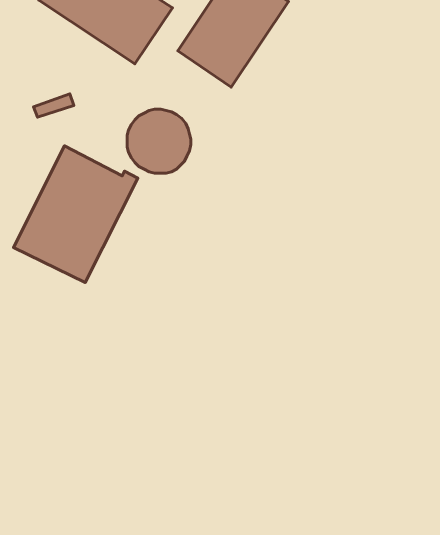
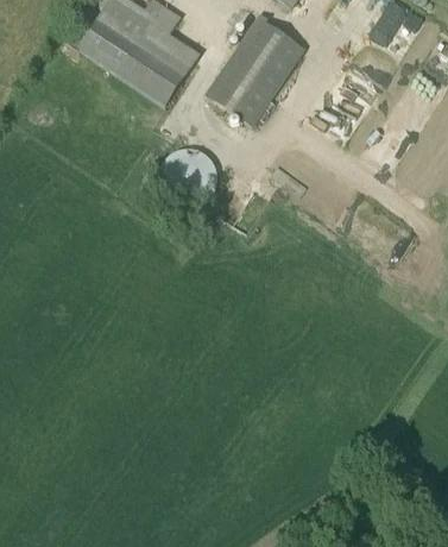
building: [14,146,138,282] -> none

